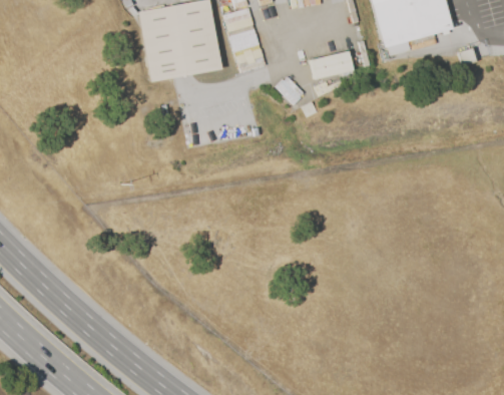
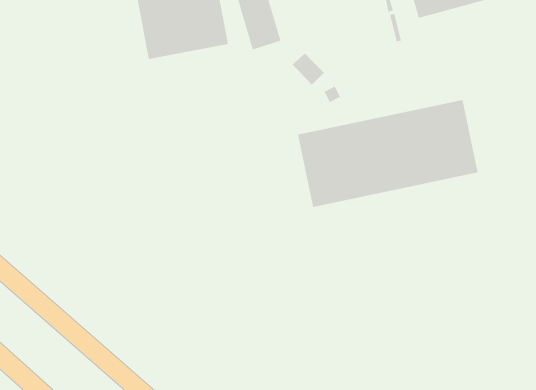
building: [311,50,353,78] -> none
building: none -> [297,99,479,208]

